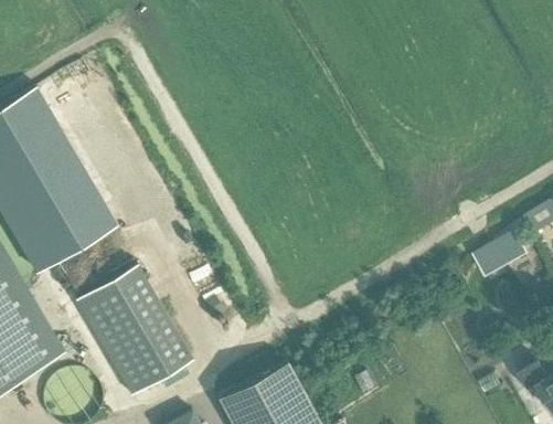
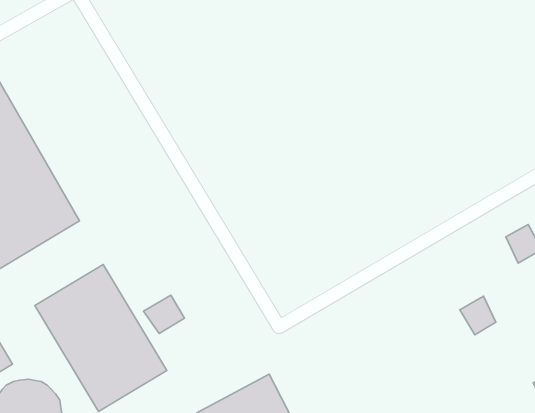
building: [472,242,504,276] -> [460,296,496,335]
building: none -> [143,295,185,333]

